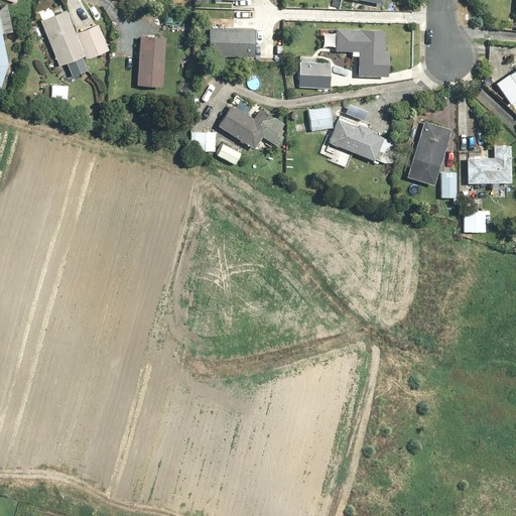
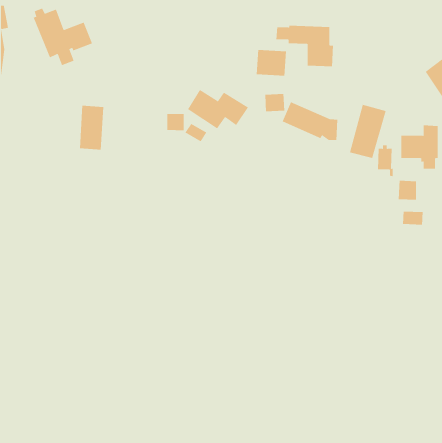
building: [212,30,256,56] -> none
building: [137,35,166,88] -> [79,105,104,150]
building: none -> [402,211,423,226]

